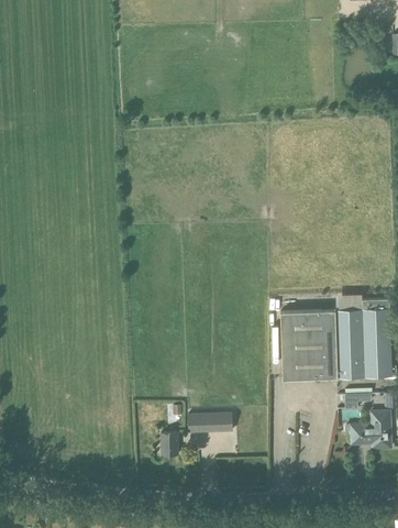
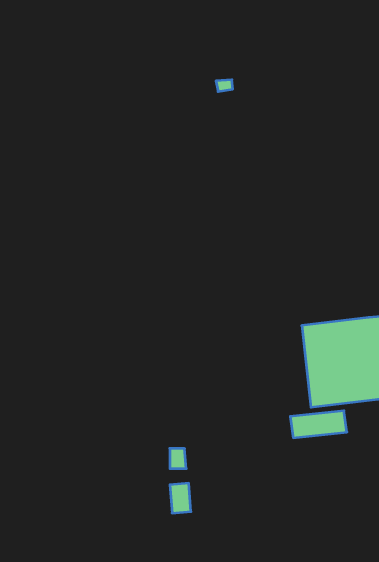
building: [187,414,232,432] -> [290,411,347,438]

